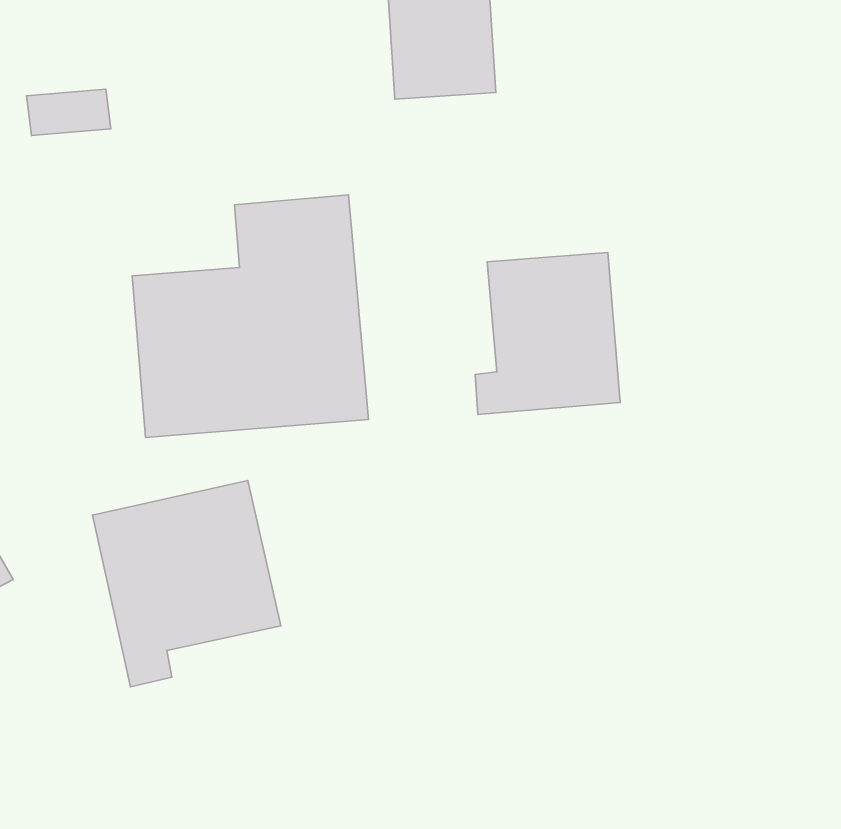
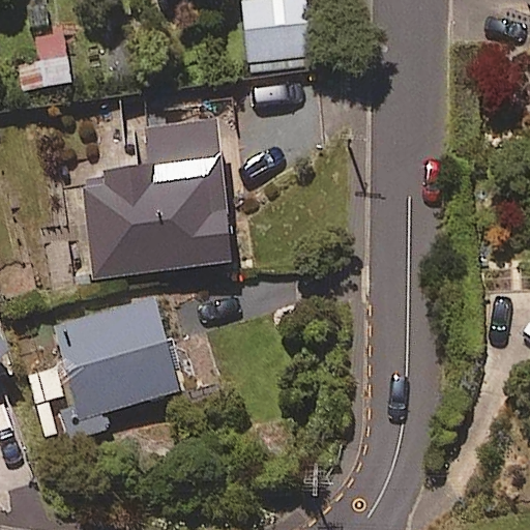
building: [475,253,620,414] -> none

